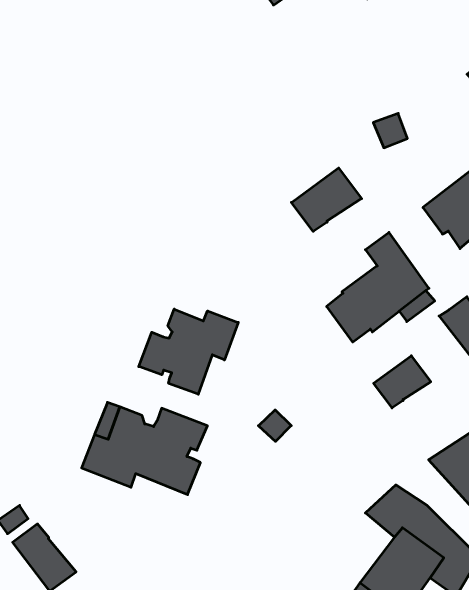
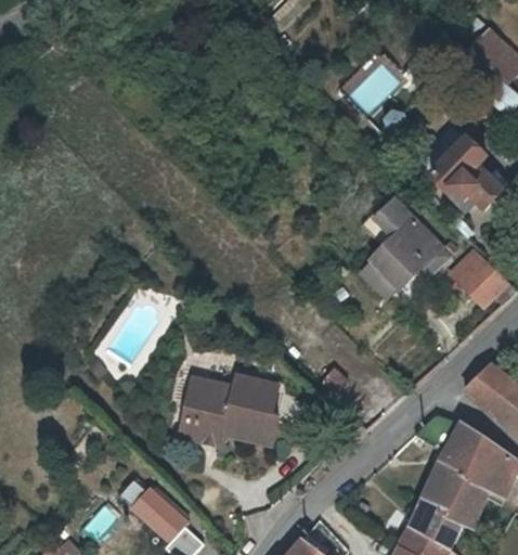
building: [291,168,362,231] -> none
building: [139,309,238,394] -> none
building: [374,356,431,408] -> none

